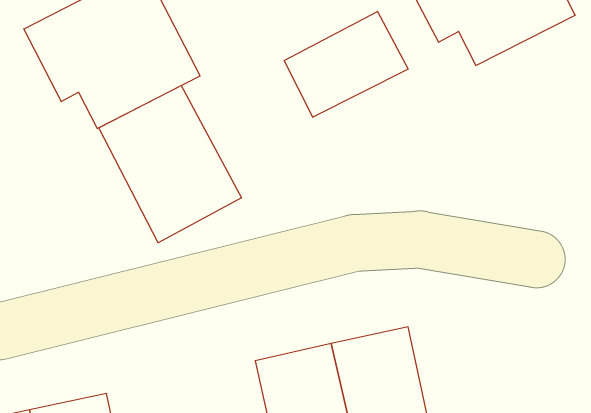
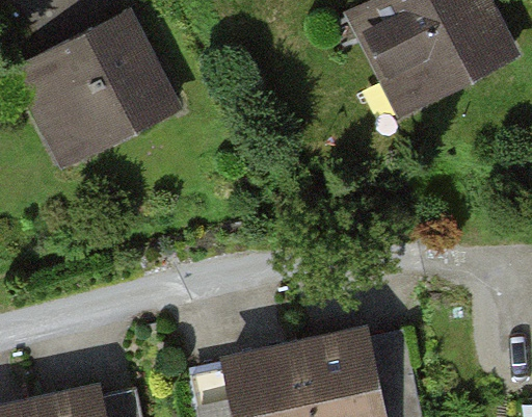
building: [284,11,408,117] -> none
building: [99,86,242,243] -> none

